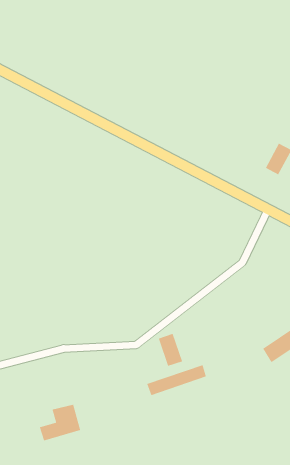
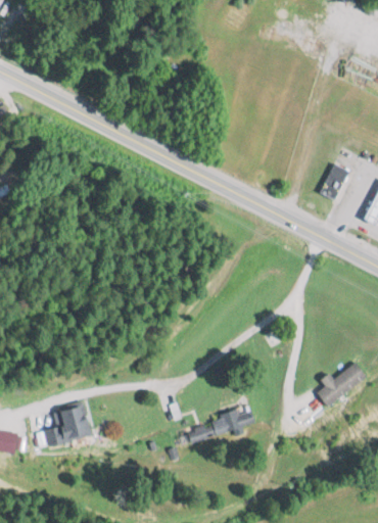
building: [158,333,183,367] -> none
building: [39,404,81,441] -> [43,405,90,446]

